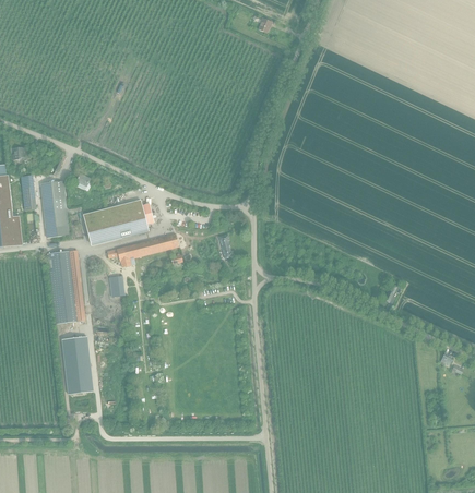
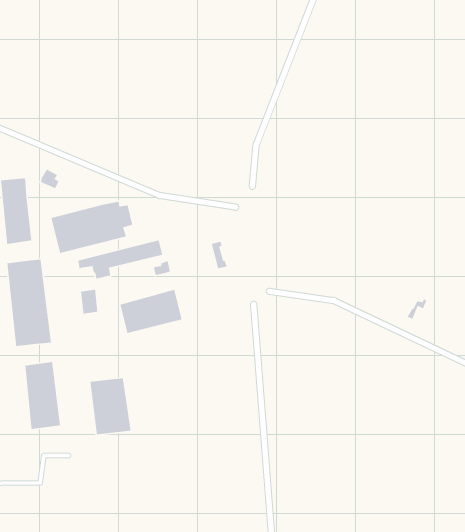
building: none -> [120,289,182,334]
building: none -> [90,378,132,435]

